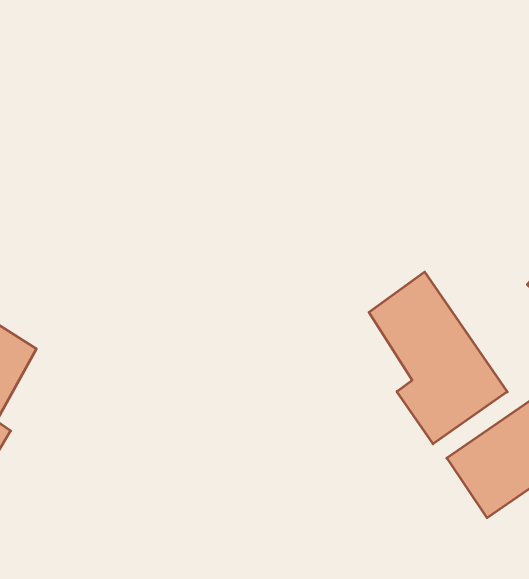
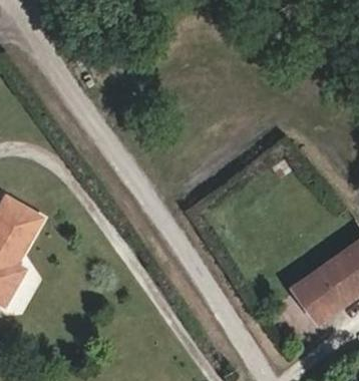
building: [369,272,507,444] -> none

